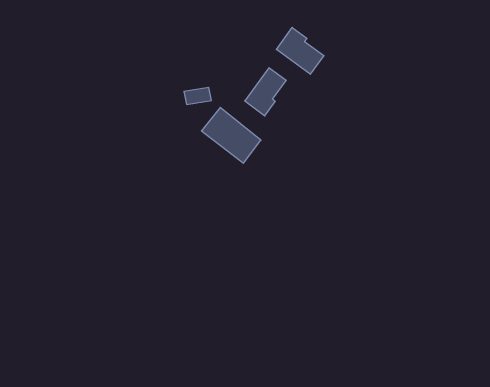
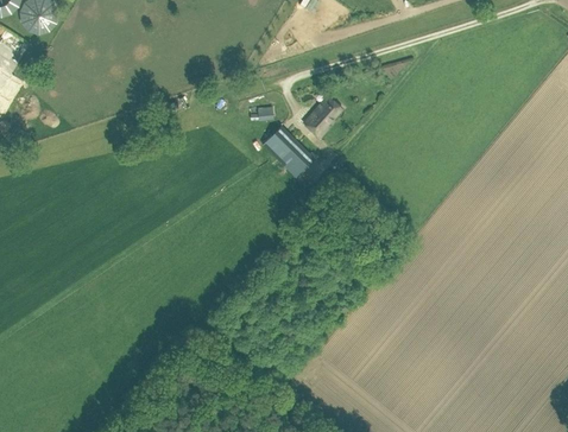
building: [276,27,324,74] -> none

